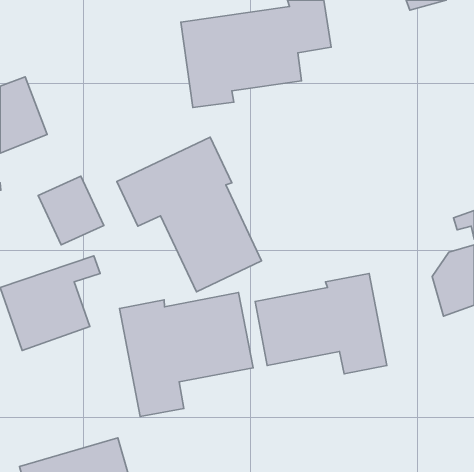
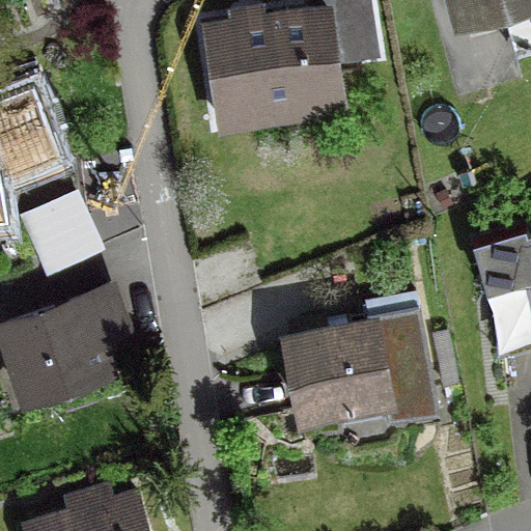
building: [117,137,261,292] -> none
building: [119,292,253,417] -> none

